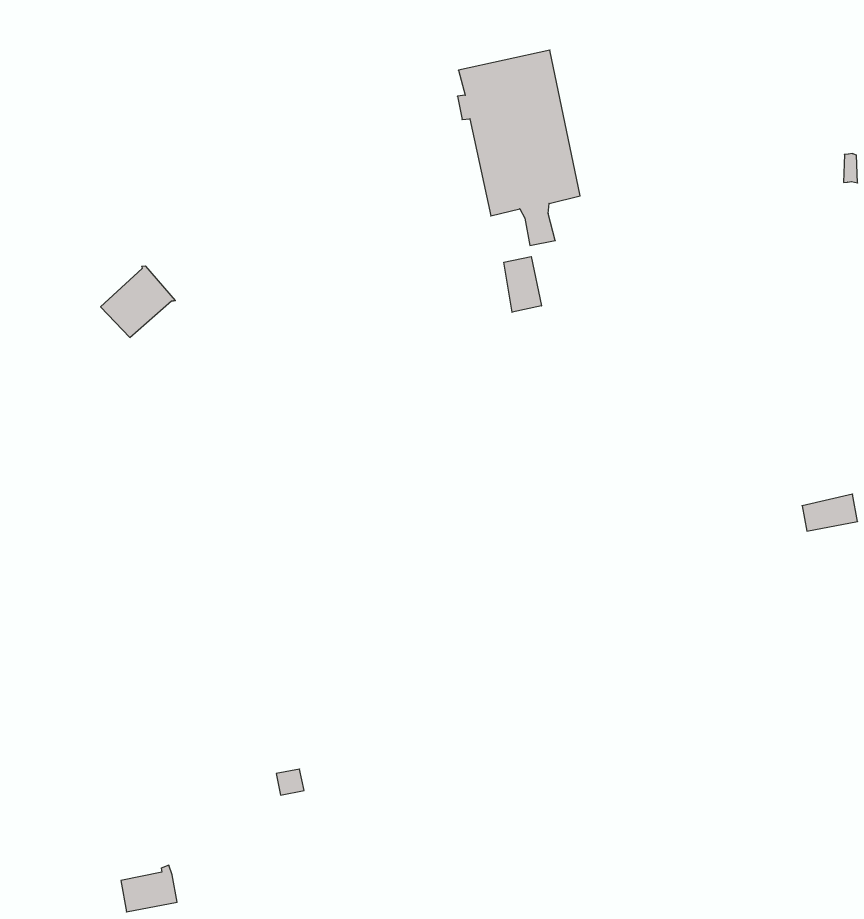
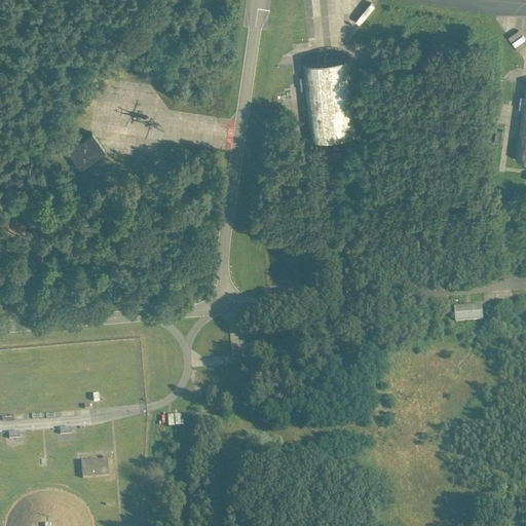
building: [504,257,541,312] -> none
building: [101,266,175,337] -> [68,132,107,167]

